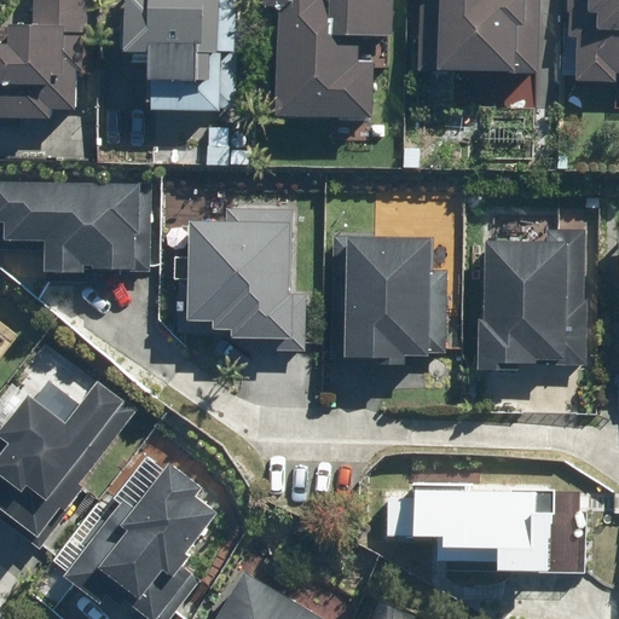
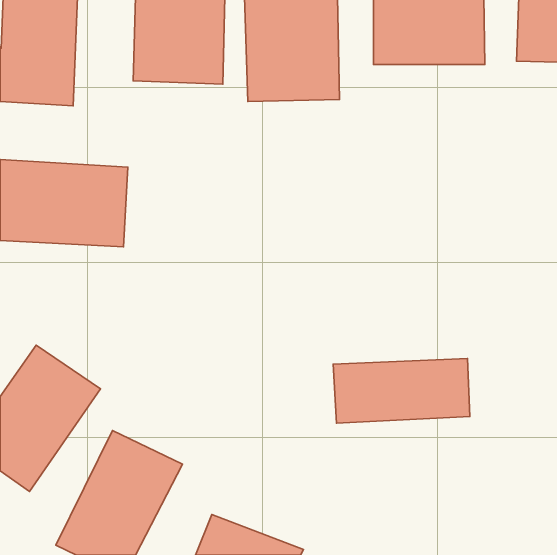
building: [190,221,305,328] -> none
building: [329,237,449,359] -> none
building: [480,237,588,357] -> none
building: [406,494,557,566] -> [333,359,470,423]

